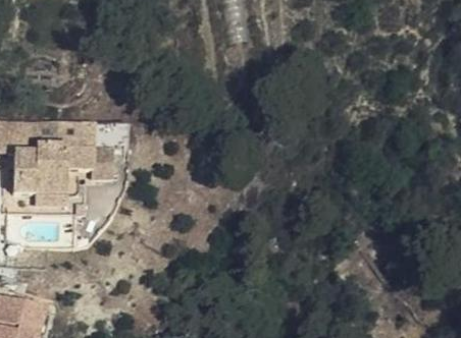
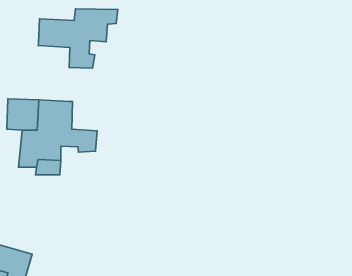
building: none -> [38,9,118,68]

